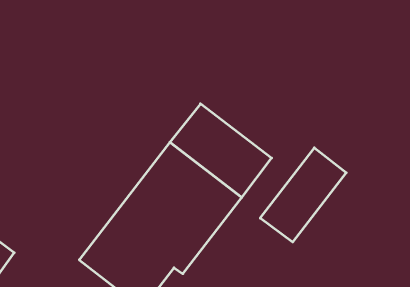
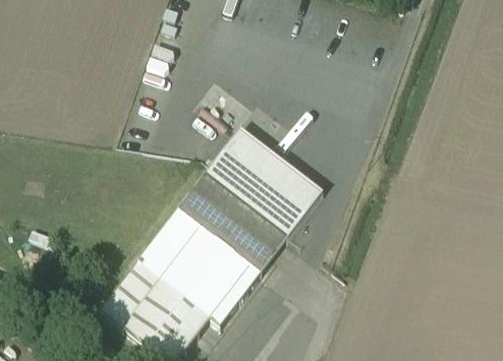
building: [260,148,346,242] -> none

